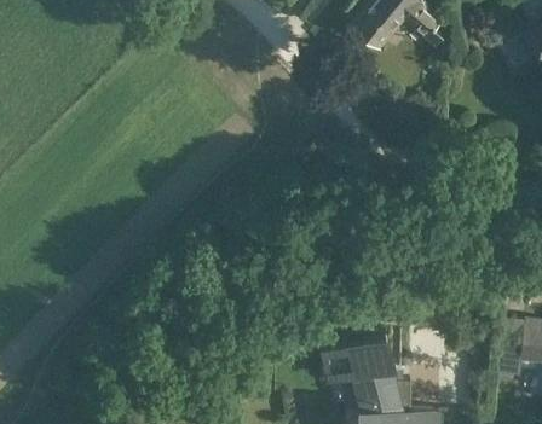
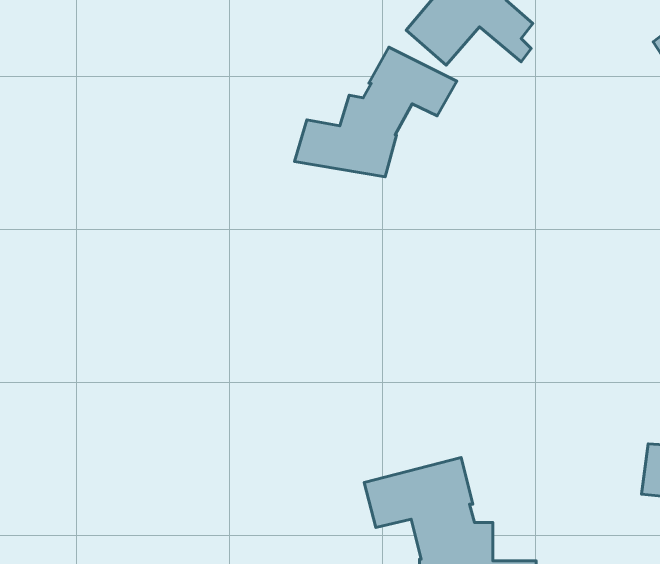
building: none -> [294,47,457,177]

